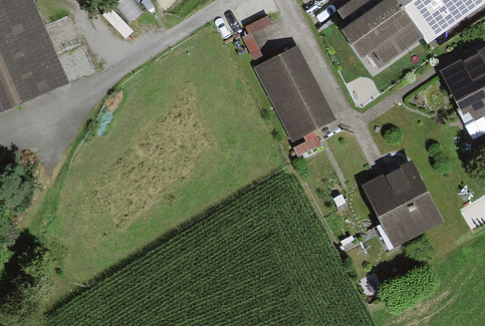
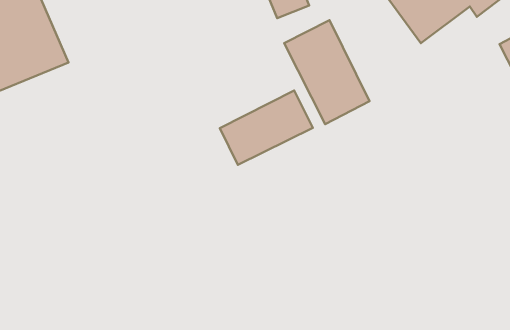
building: none -> [220,91,313,165]
building: [367,162,439,244] -> none

